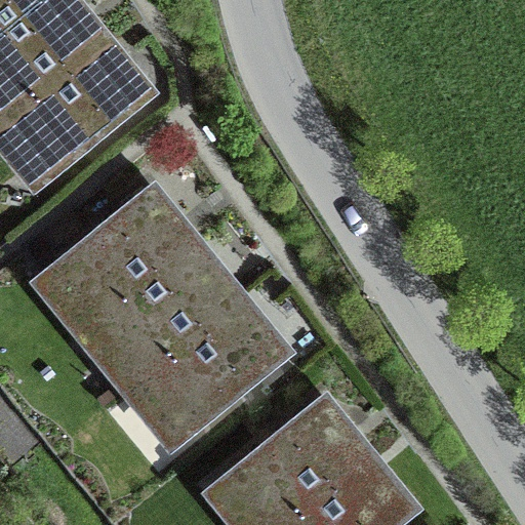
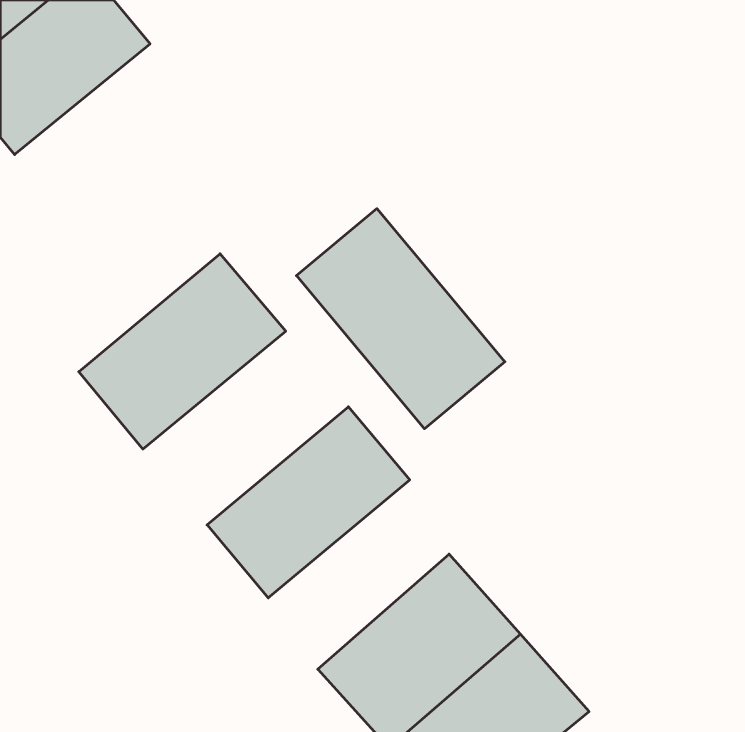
building: [10,40,151,174] -> none
building: none -> [296,209,505,429]
building: [100,242,245,378] -> none

